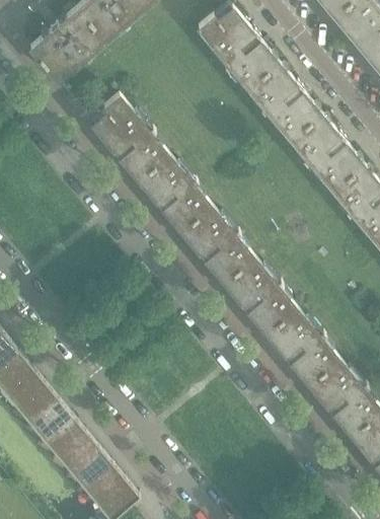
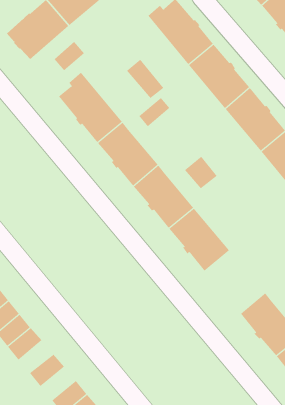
building: none -> [54,41,85,71]
building: none -> [126,59,164,99]
building: none -> [138,97,170,127]
building: none -> [184,156,217,189]
building: [265,308,338,384] -> none
building: [44,416,86,455] -> none
building: [70,447,112,488] -> none

